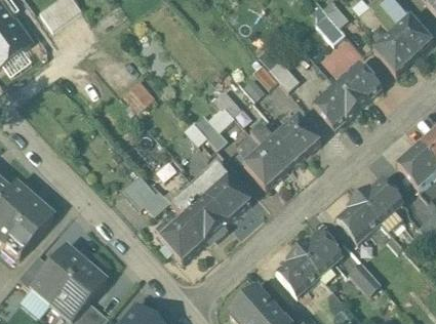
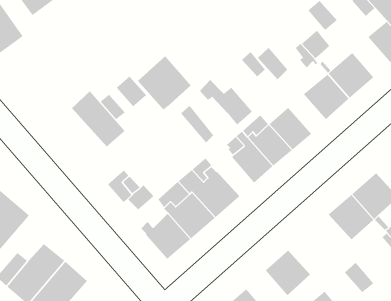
building: none -> [137,56,192,110]
building: none -> [71,91,125,148]
building: [299,230,343,274] -> none

